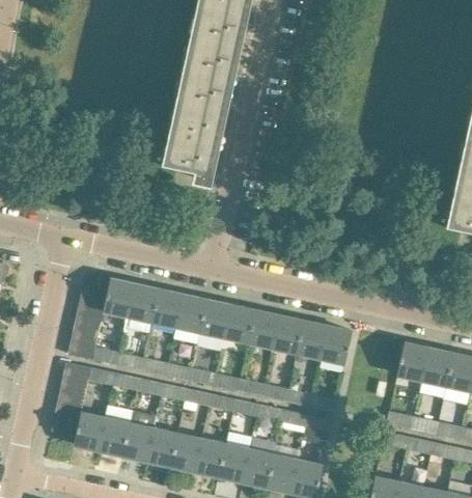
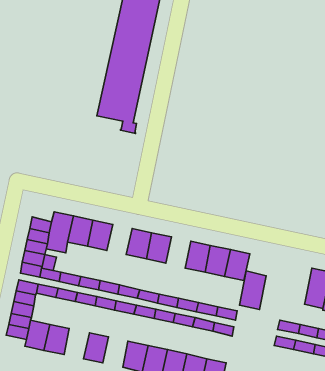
building: [176,295,207,332] -> none
building: [249,310,280,349] -> none
building: [396,342,429,390] -> [239,271,266,309]
building: [123,411,157,461] -> none
building: [171,434,202,471] -> none

